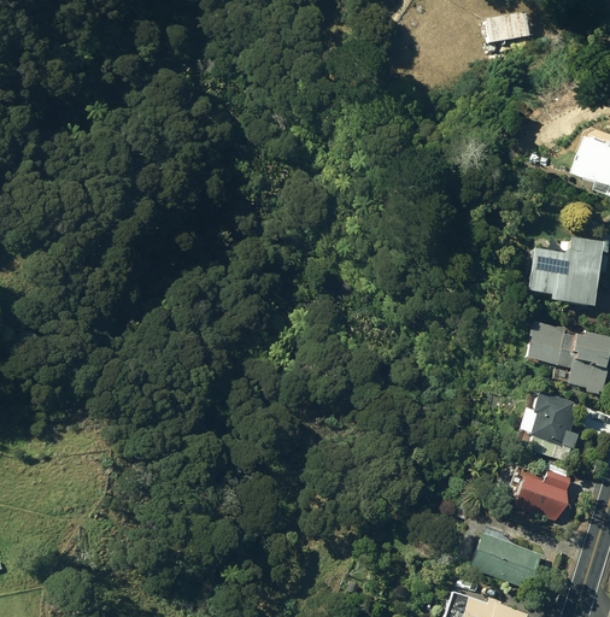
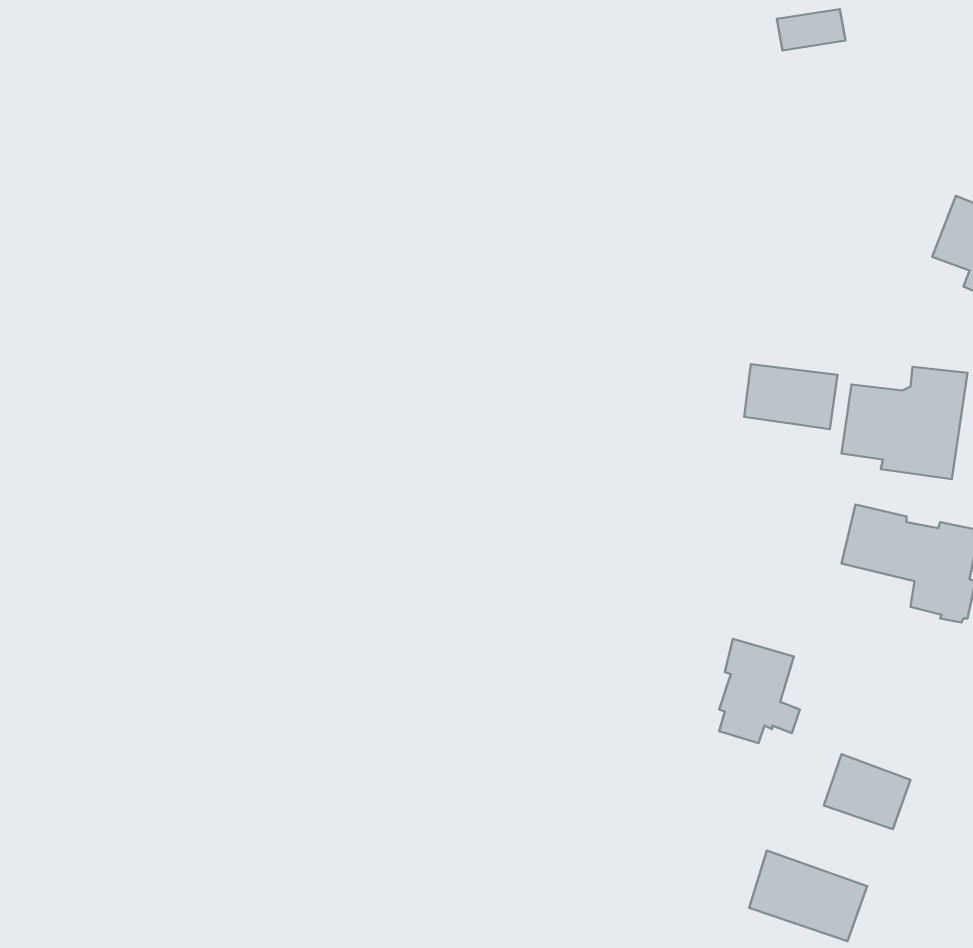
building: none -> [744,364,837,429]
building: [530,390,580,454] -> [719,639,800,743]

